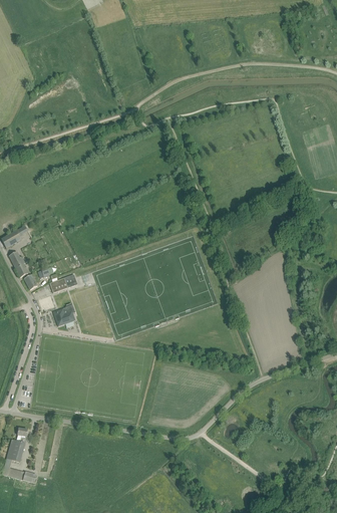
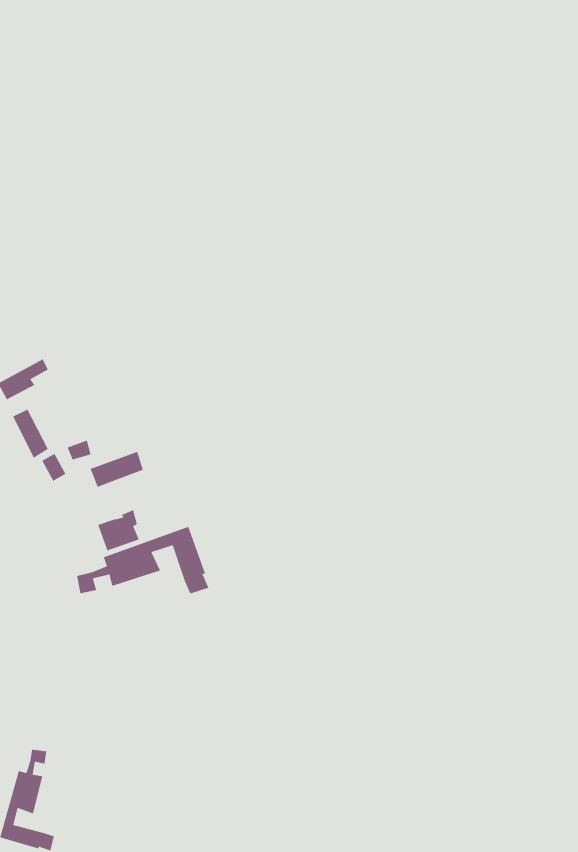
building: none -> [76,526,209,595]

